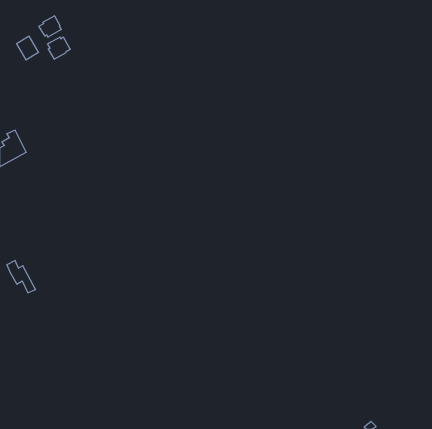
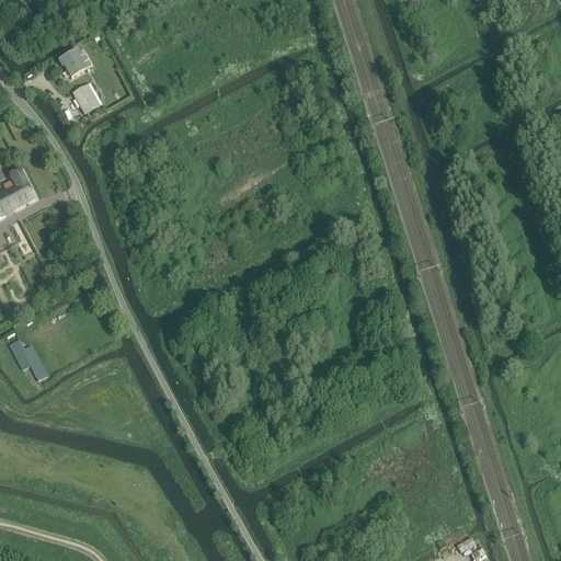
building: [39,16,61,37] -> none
building: [17,36,39,60] -> [72,82,101,113]

